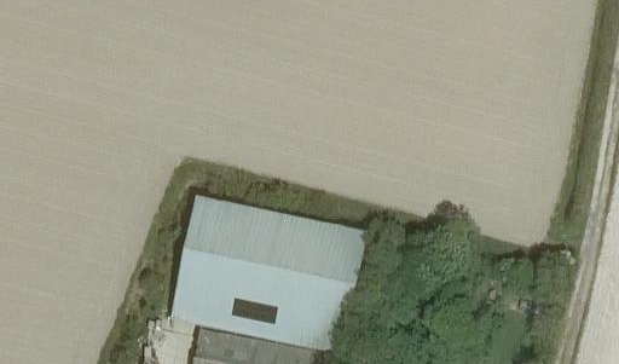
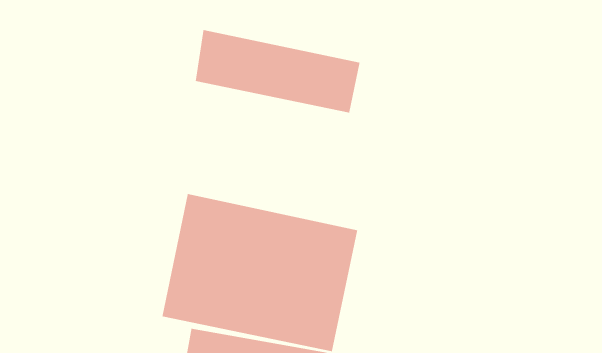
building: none -> [195,29,361,114]

